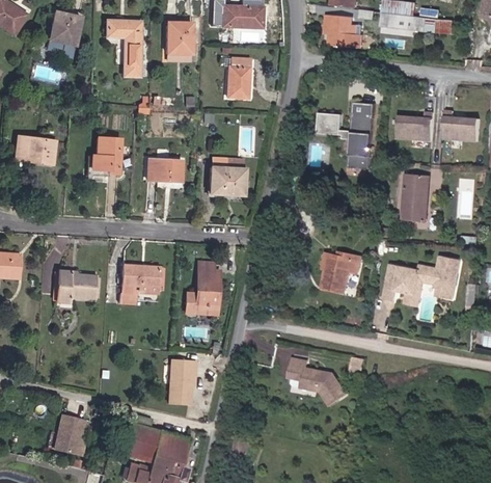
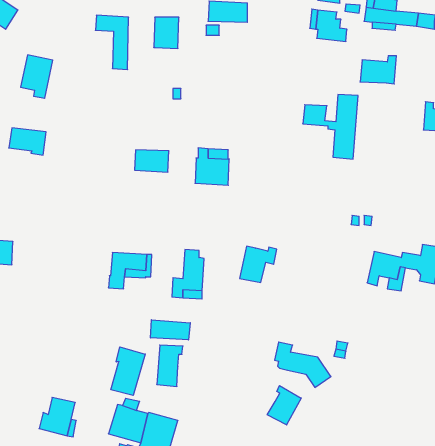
building: [47,11,80,56] -> [21,55,53,98]
building: [226,58,248,98] -> none
building: [397,111,434,140] -> [360,56,396,84]
building: [89,137,119,176] -> none
building: [404,173,431,221] -> none
building: [324,253,362,291] -> [240,246,277,282]
building: [56,270,97,302] -> none
building: none -> [151,320,190,340]
building: none -> [111,347,145,395]
building: none -> [267,386,301,425]

